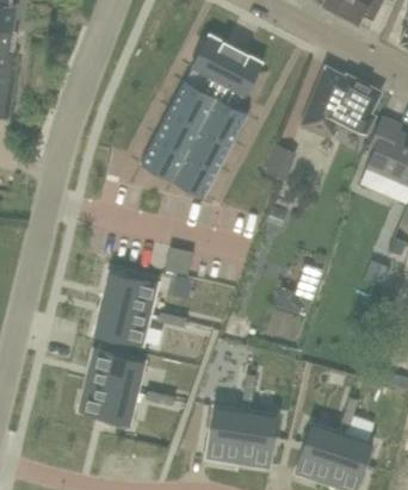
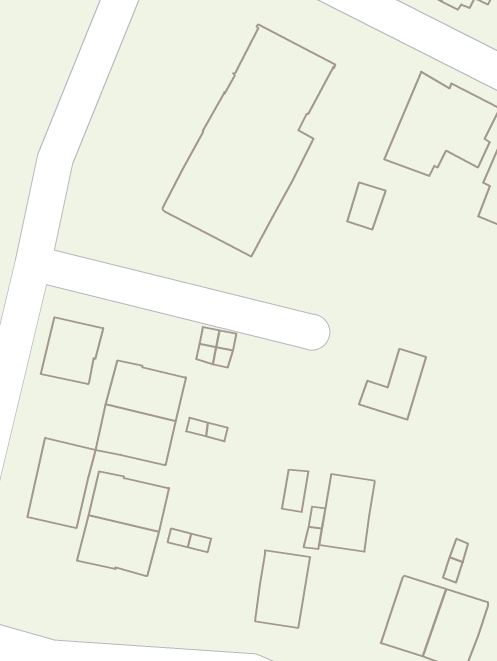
building: none -> [41,317,103,384]
building: none -> [28,438,95,528]
building: [237,411,277,466] -> [319,474,375,552]

